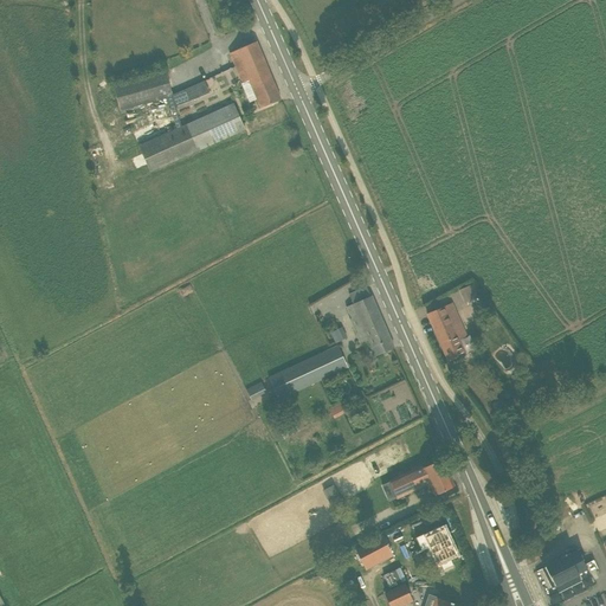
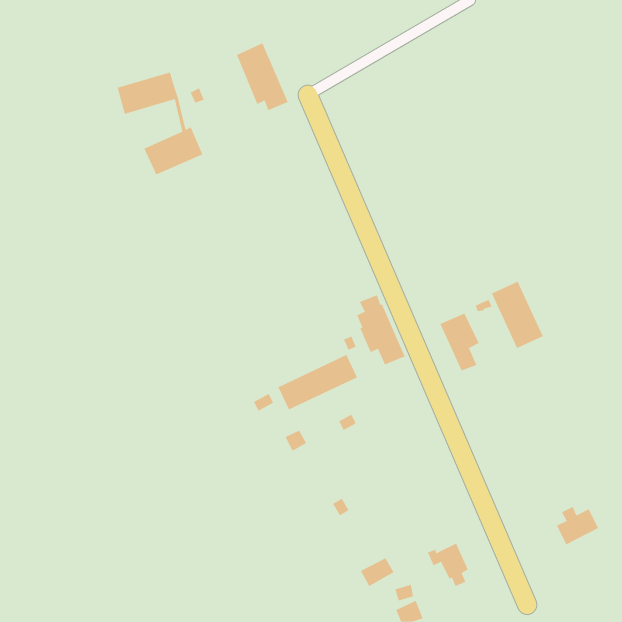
building: [186,103,245,150] -> none
building: none -> [491,281,544,349]
building: [391,459,453,499] -> none
building: [546,548,587,586] -> [556,506,599,545]

